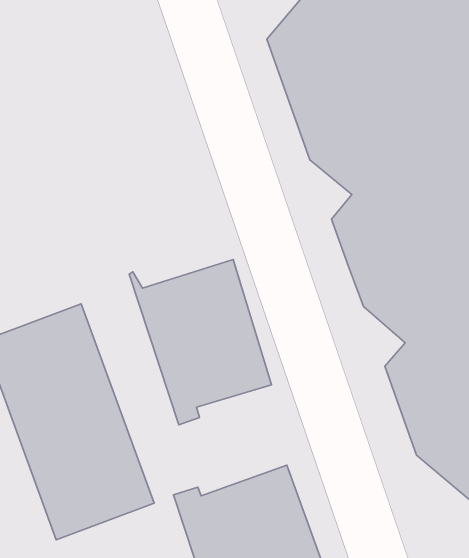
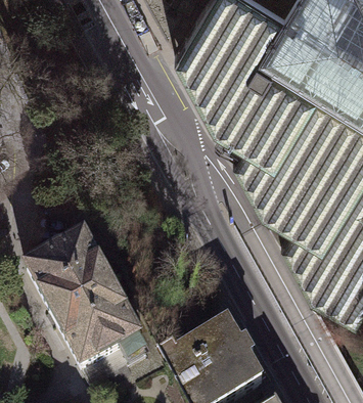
building: [129,260,272,425] -> none

